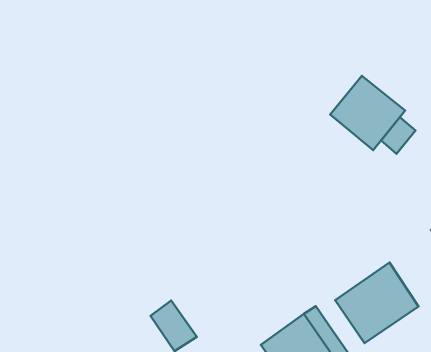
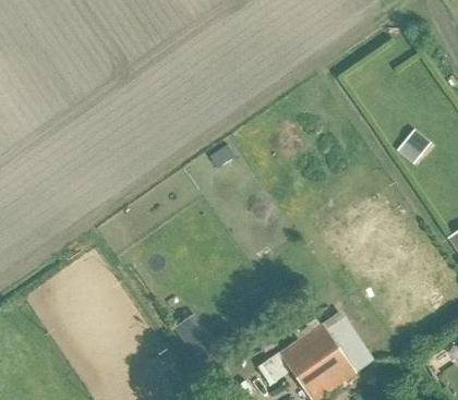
building: [330,76,405,150] -> none
building: [335,263,418,343] -> none

